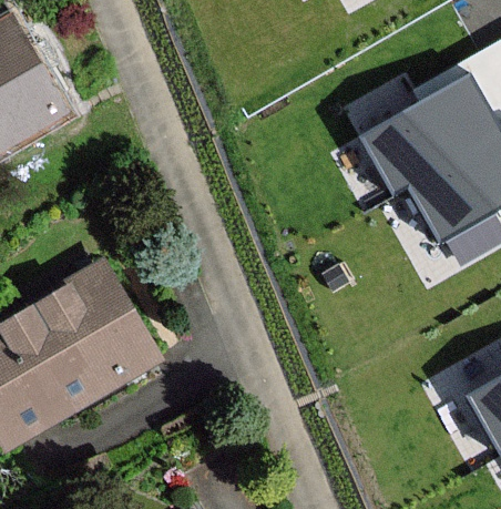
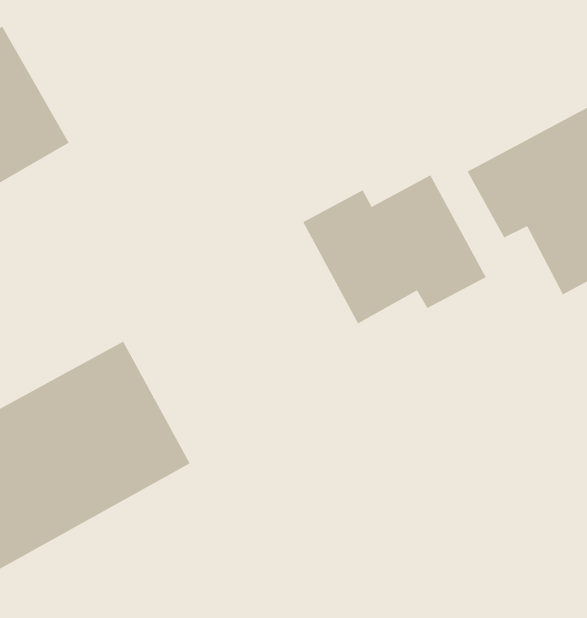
building: none -> [303,174,487,324]

